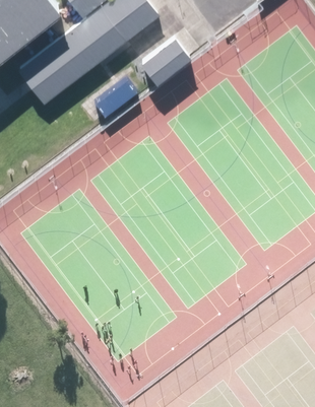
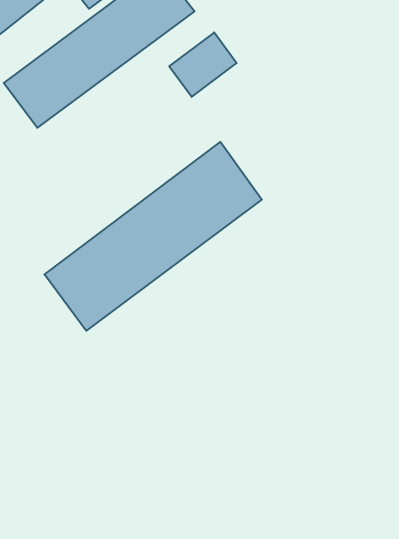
building: none -> [44,142,262,331]

